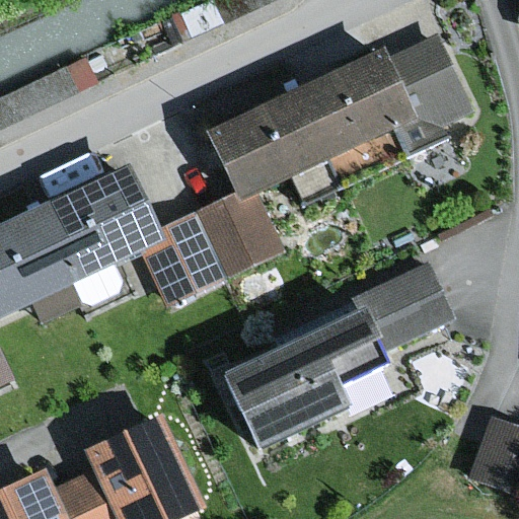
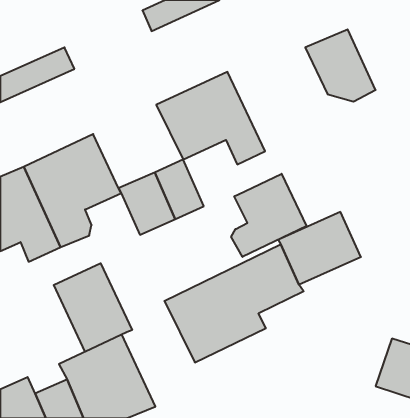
building: [292,45,416,188] -> none
building: none -> [231,174,306,257]
building: none -> [54,263,132,352]

